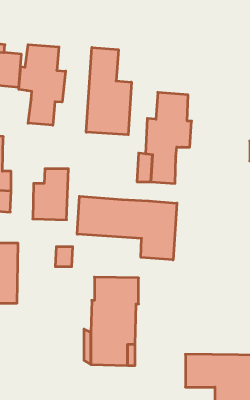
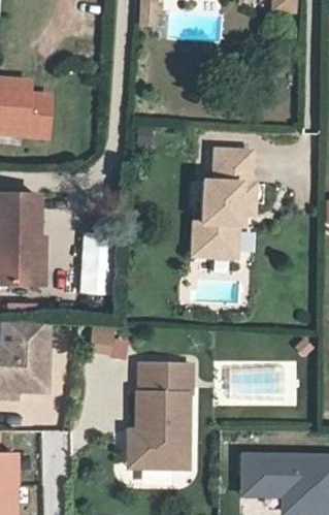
building: [19,45,66,125] -> none
building: [86,47,131,135] -> none
building: [77,196,177,260] -> none

